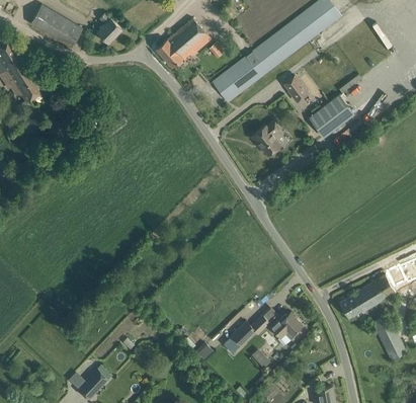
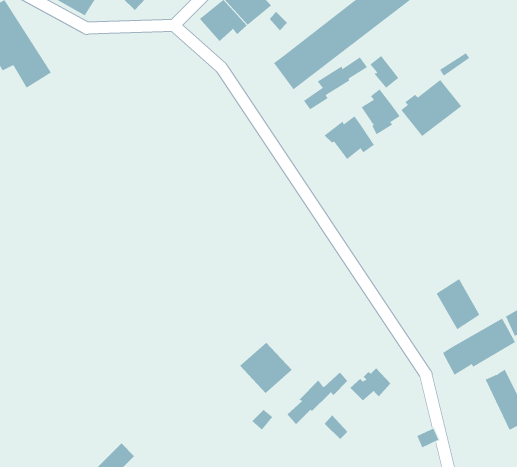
building: none -> [303,56,368,110]
building: none -> [361,88,400,135]
building: none -> [436,278,480,330]
building: none -> [239,342,292,394]

